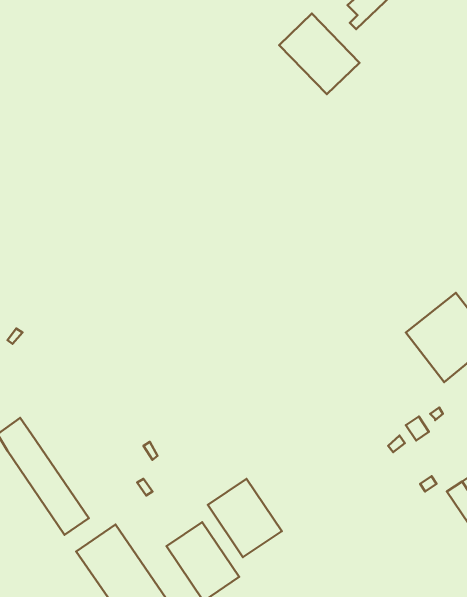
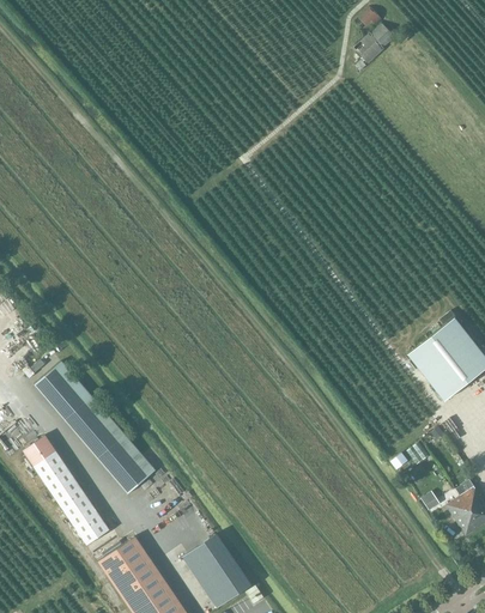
building: [279,14,359,94] -> none
building: none -> [37,354,156,491]
building: [208,479,282,557] -> none

